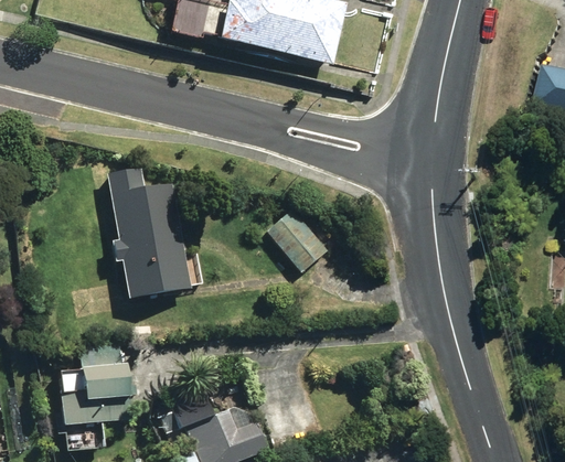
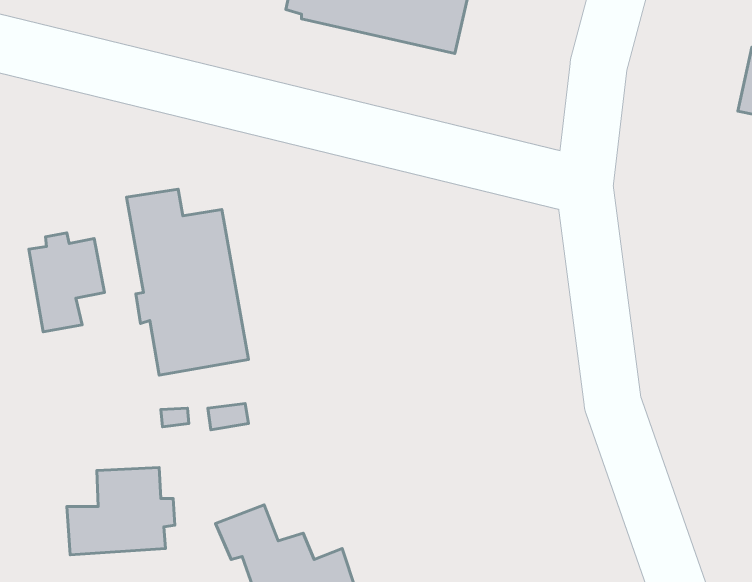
building: none -> [29,233,105,332]
building: [265,206,326,269] -> none

